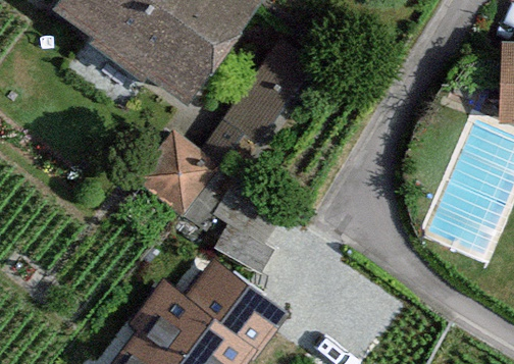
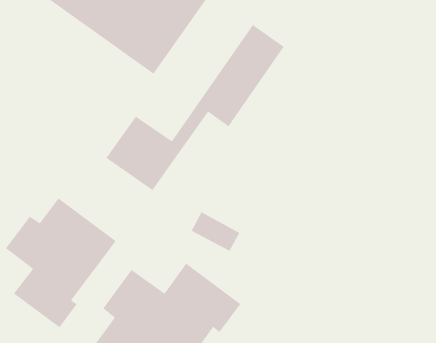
building: none -> [5,198,117,328]

